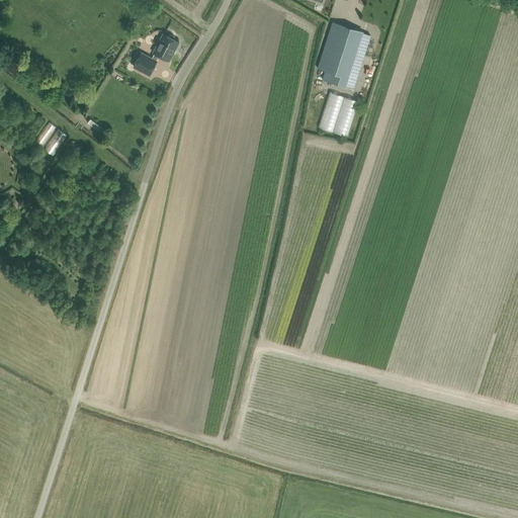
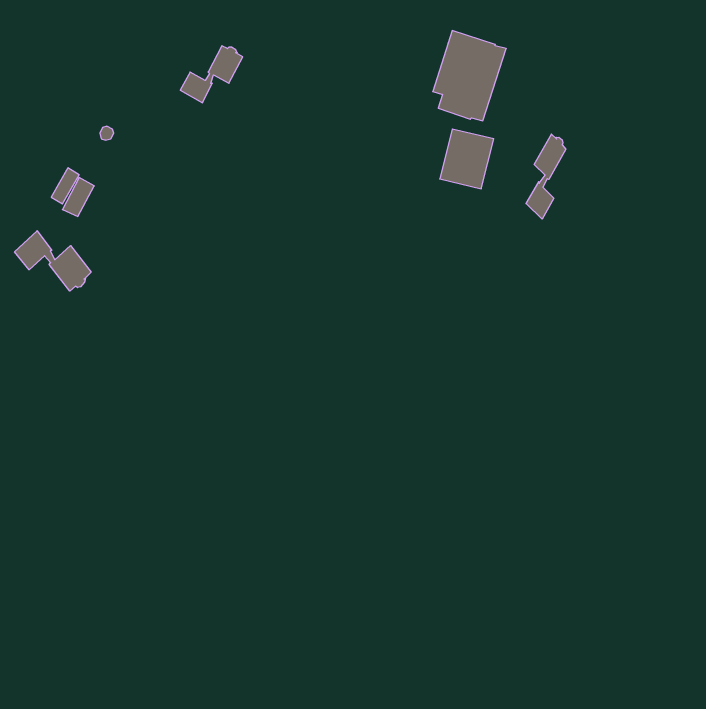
building: none -> [526,134,566,219]
building: none -> [15,231,91,291]

